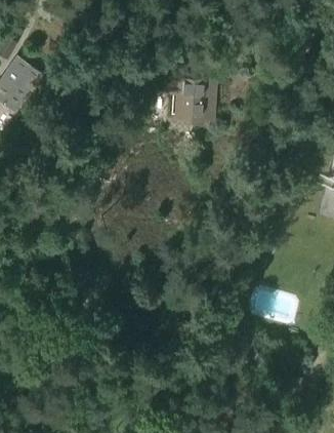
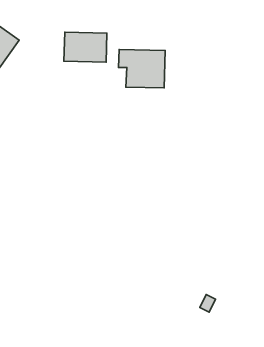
building: none -> [64,32,107,62]

